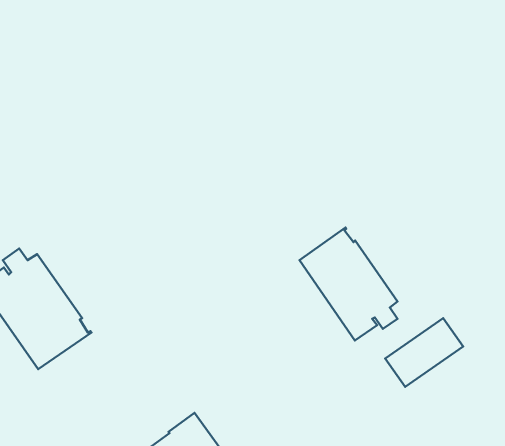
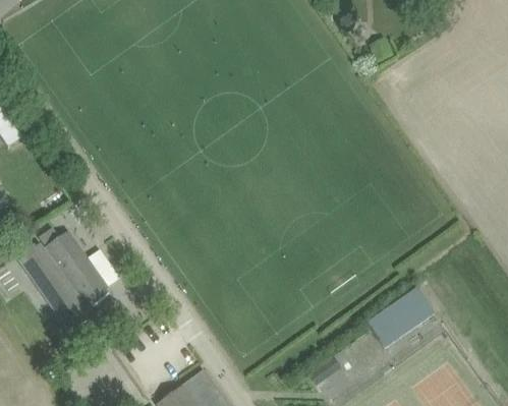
building: [299,227,398,340] -> none

